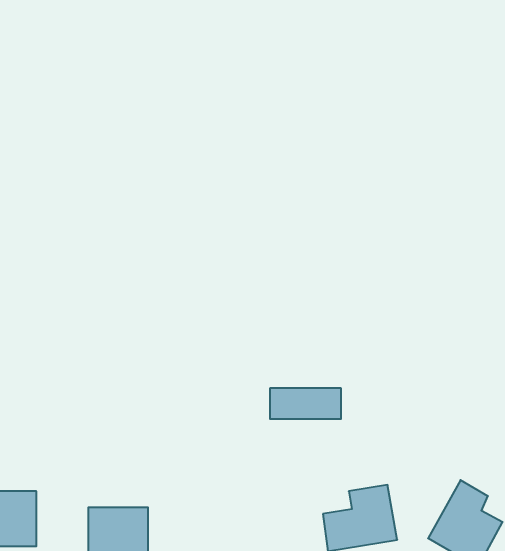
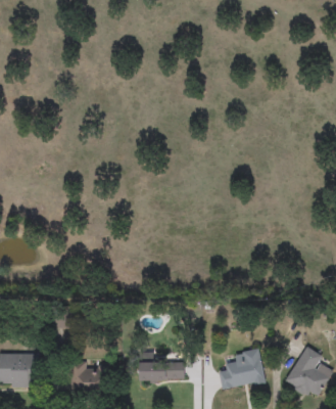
building: [270,388,341,419] -> [139,361,184,380]

